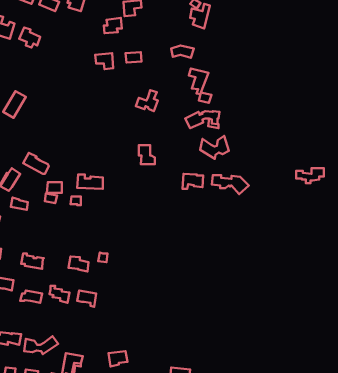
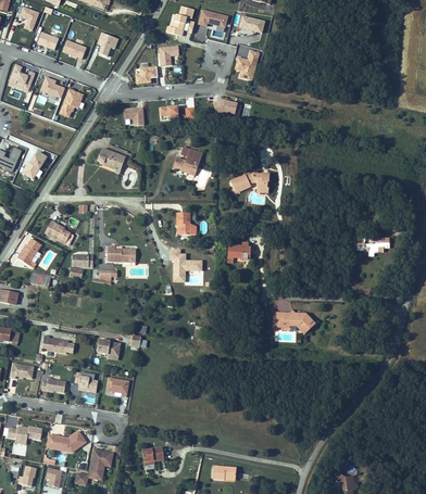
building: none -> [60,88,83,119]
building: [189,68,212,103] -> none
building: none -> [98,145,127,169]
building: [200,136,229,159] -> none
building: [212,175,249,194] -> [273,312,315,333]

